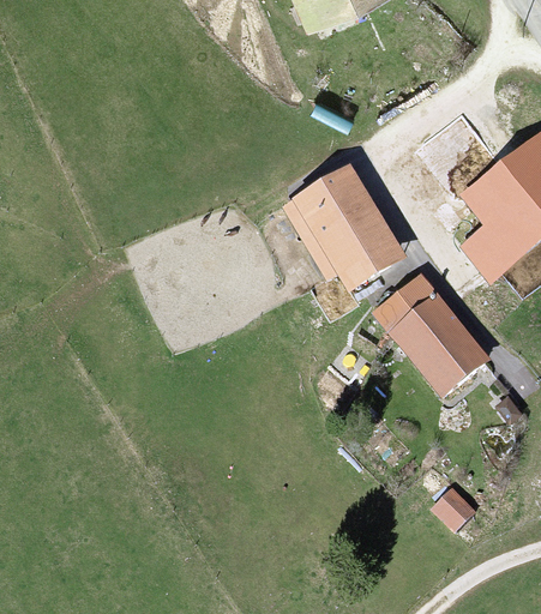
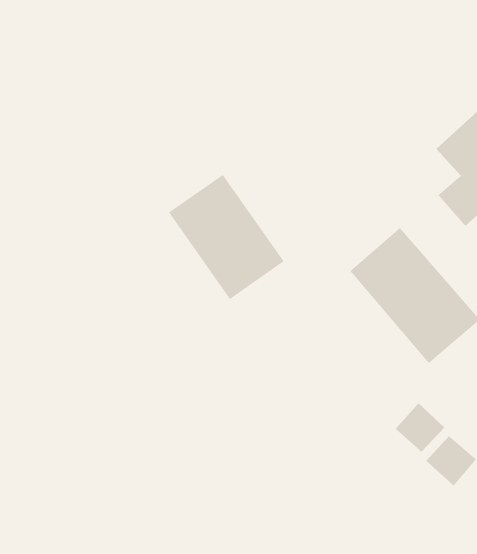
building: [291,155,401,278] -> [168,174,284,300]
building: none -> [395,402,445,453]

